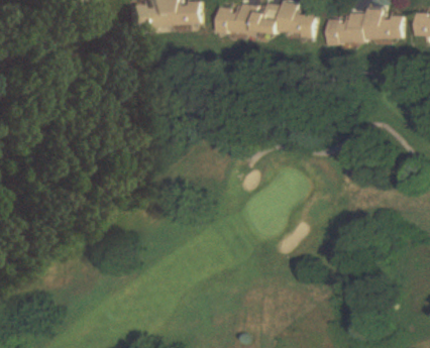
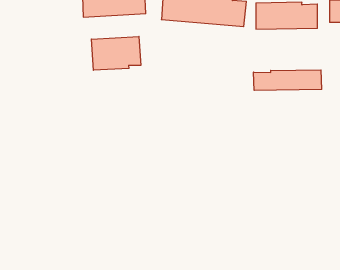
building: none -> [91,36,141,70]
building: none -> [254,70,322,90]

